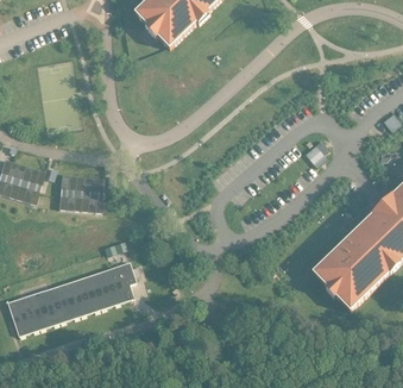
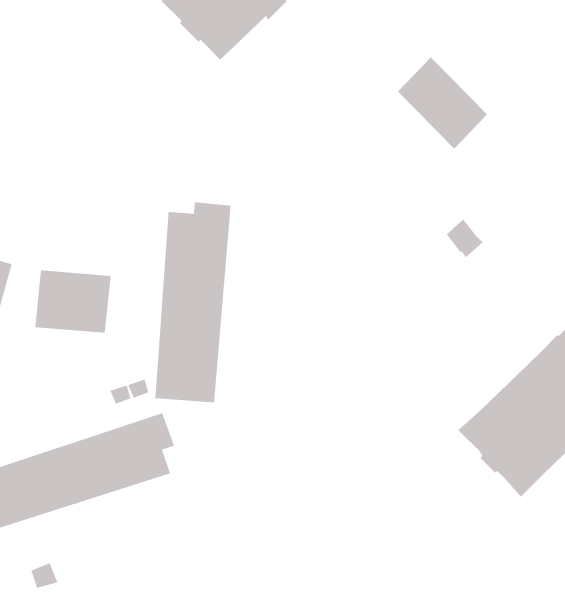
building: none -> [397,56,488,149]
building: none -> [155,202,231,403]

